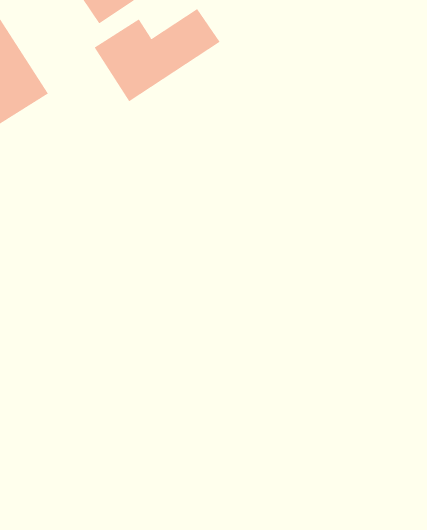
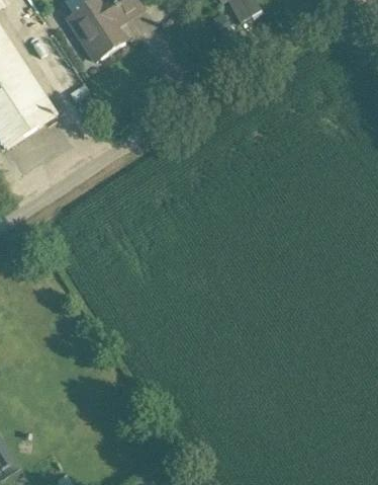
building: [94,8,220,102] -> none

